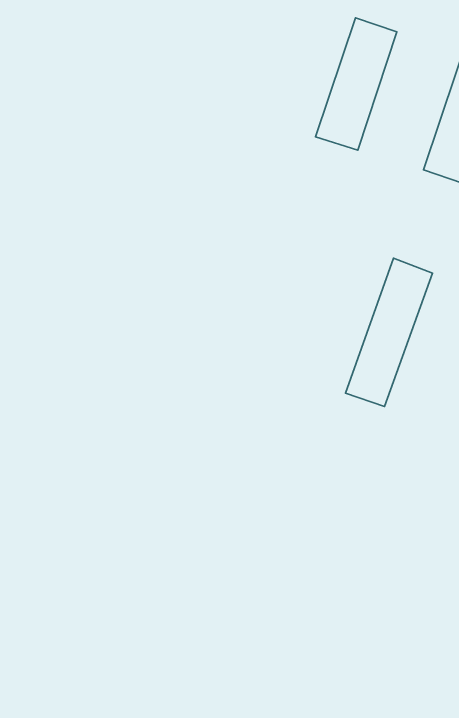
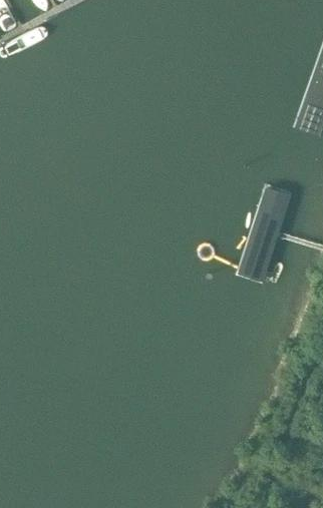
building: [315,18,397,150] -> none

